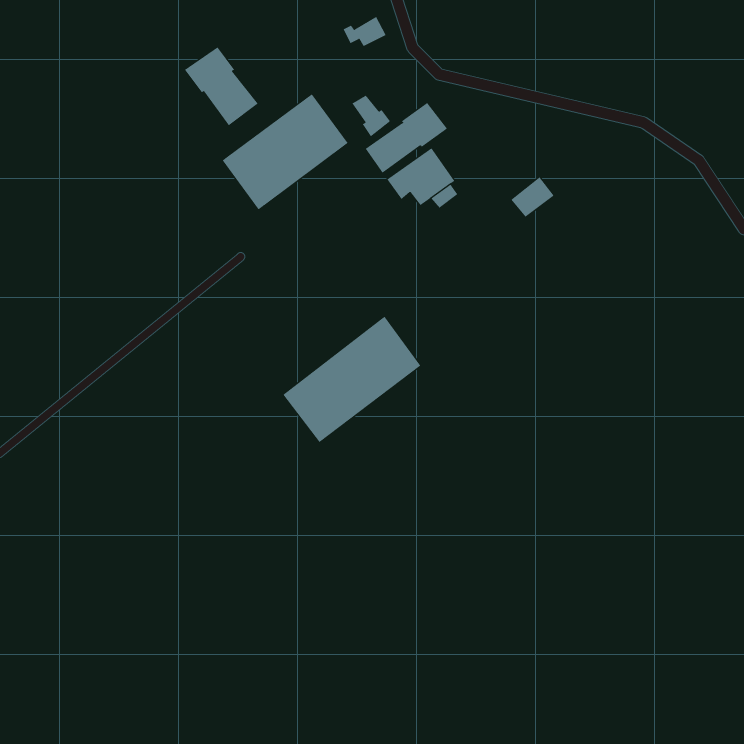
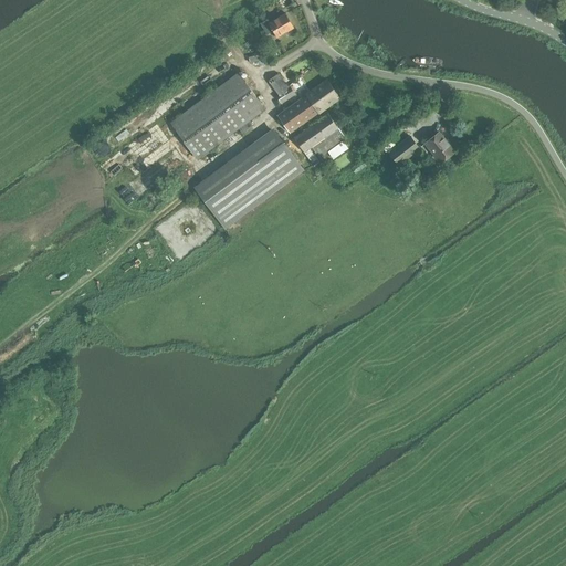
building: [184,46,258,126] -> none
building: none -> [422,130,453,163]
building: [283,316,421,443] -> [198,132,303,228]

